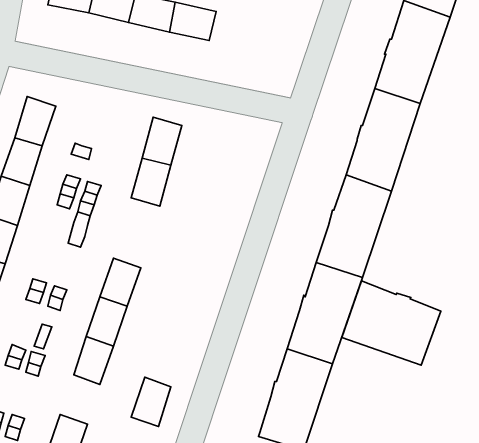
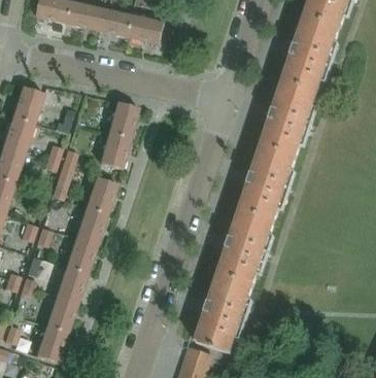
building: none -> [87,178,117,215]
building: [342,281,441,365] -> none
building: [131,377,171,427] -> [46,296,76,333]

